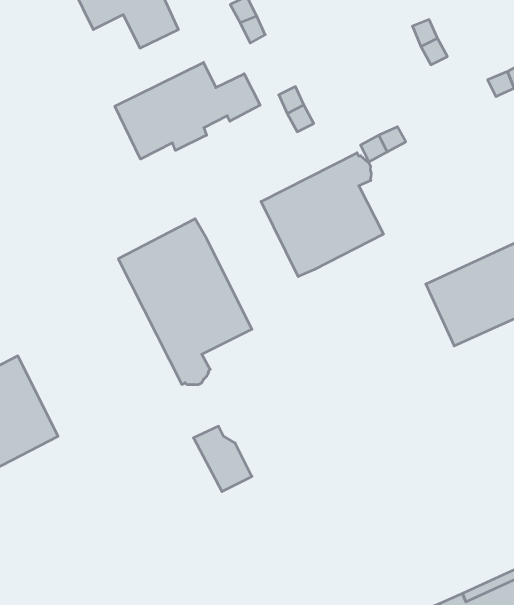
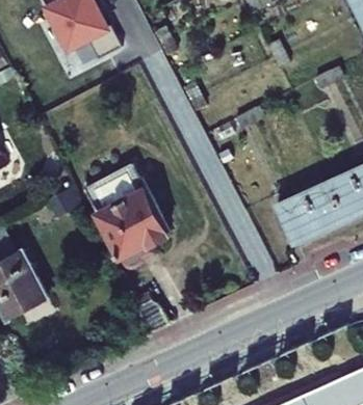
building: [115,62,260,159] -> none
building: [261,153,383,277] -> none

